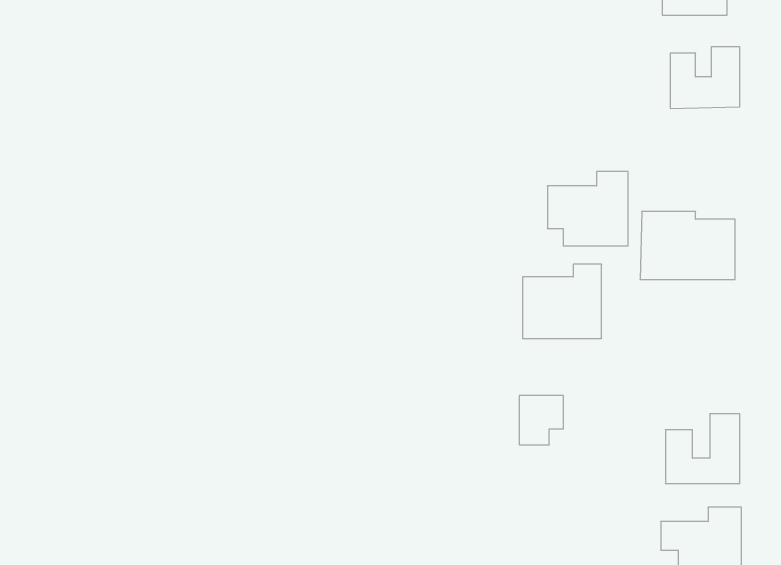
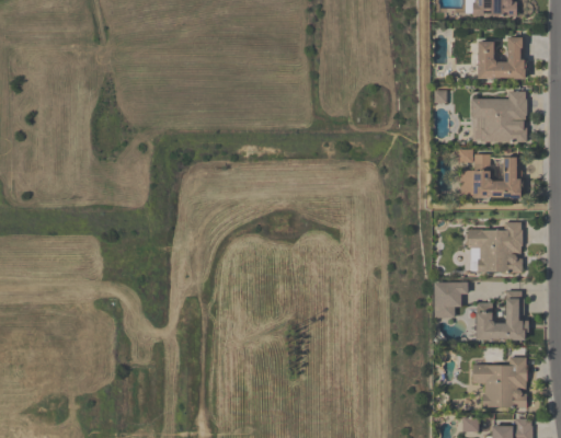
building: [547,172,628,246] -> [471,90,527,141]
building: [523,264,602,339] -> [468,220,523,272]
building: [519,396,563,445] -> [434,283,465,316]

